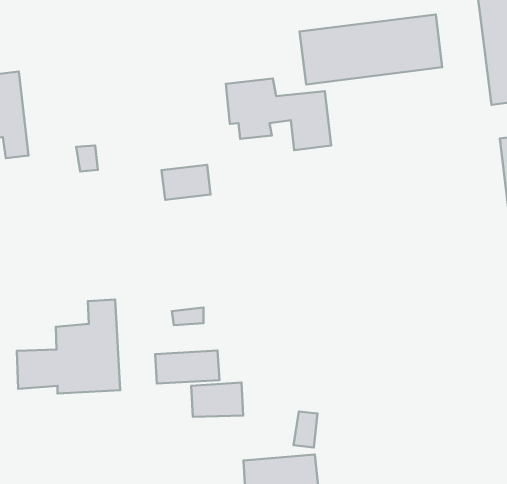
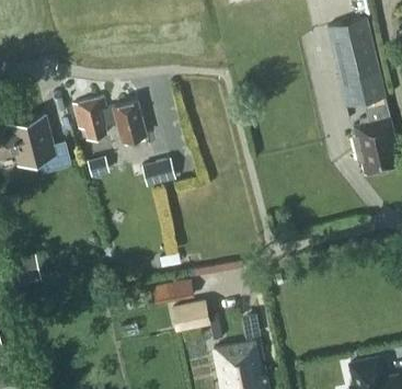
building: [300,14,442,84] -> none
building: [226,79,331,150] -> [74,100,146,144]
building: [17,300,120,393] -> none

